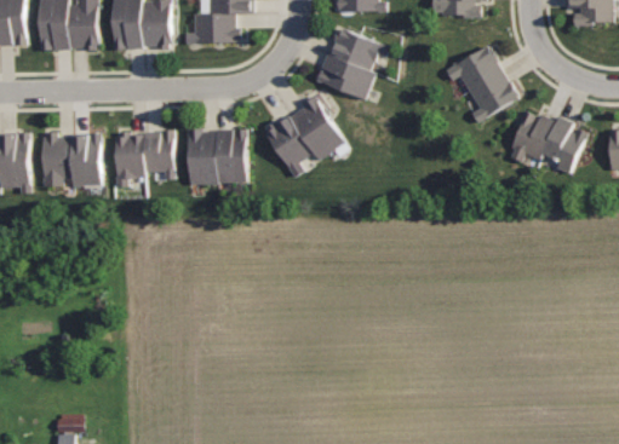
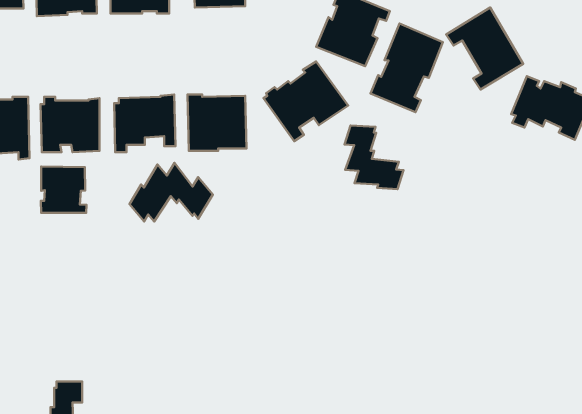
building: none -> [370,23,443,112]
building: none -> [345,125,403,189]
building: none -> [129,163,213,222]
building: none -> [41,167,86,213]

